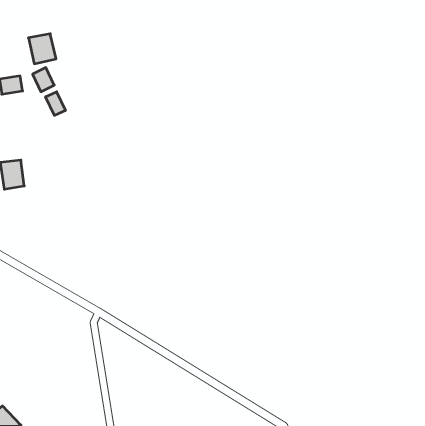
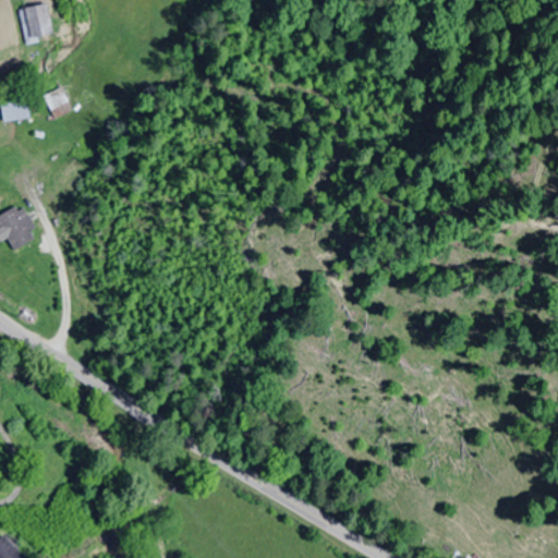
building: [28,34,56,64] -> [17,4,53,44]
building: [46,92,65,115] -> none

